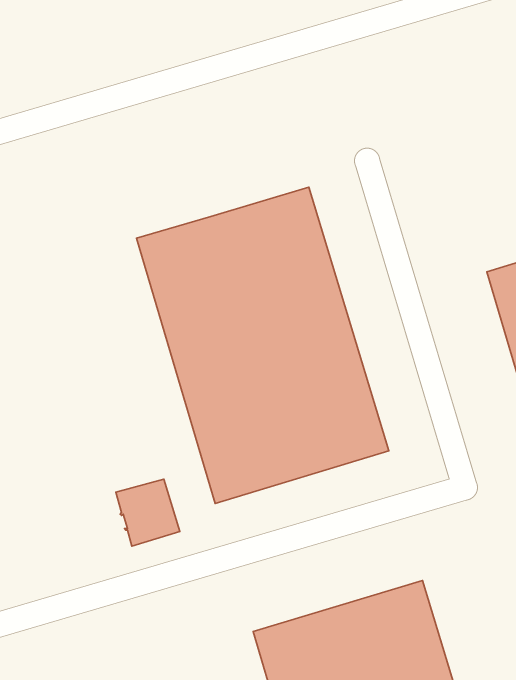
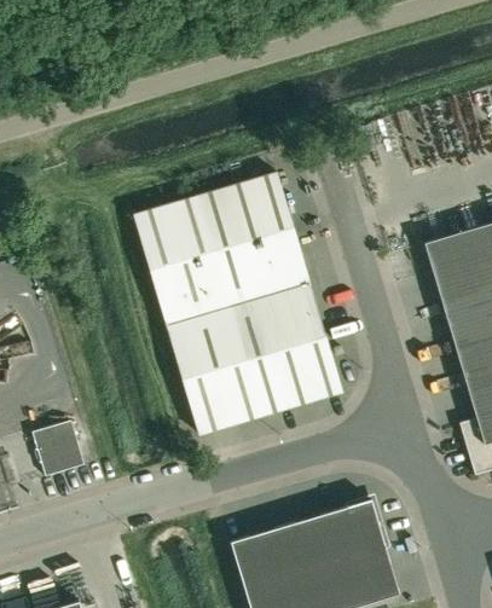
building: [116,479,180,546] -> [33,422,86,477]

